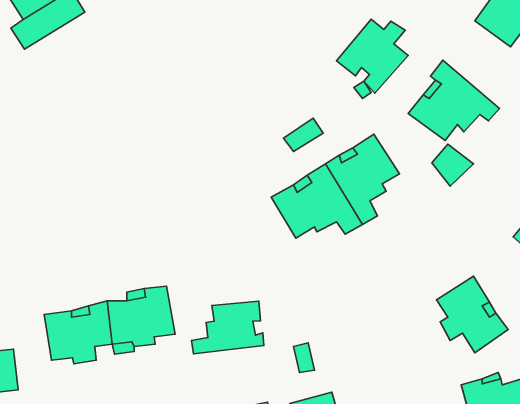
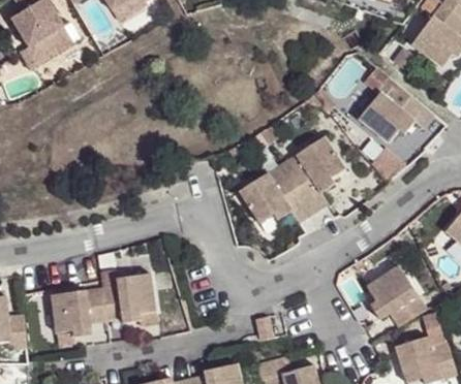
building: [337,19,408,93] -> none
building: [192,301,264,354] -> none

